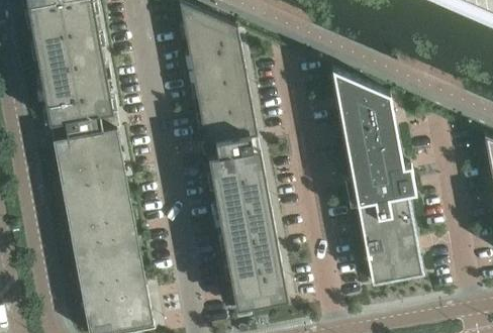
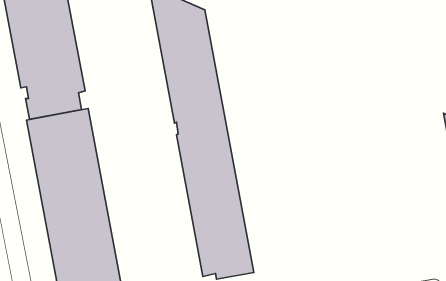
building: [331,70,422,284] -> none

